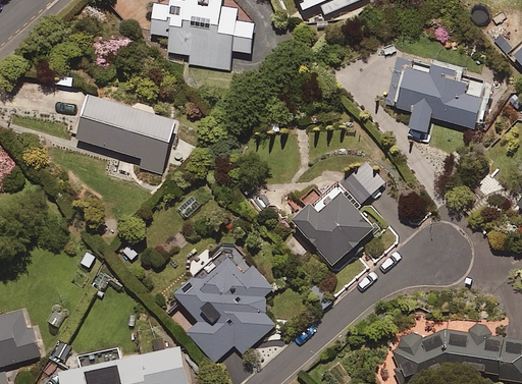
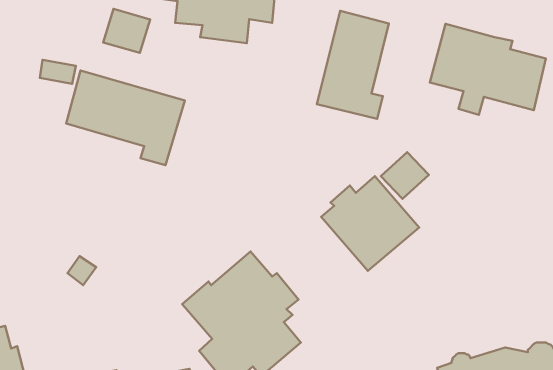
building: none -> [103,9,150,53]
building: none -> [317,11,389,119]

